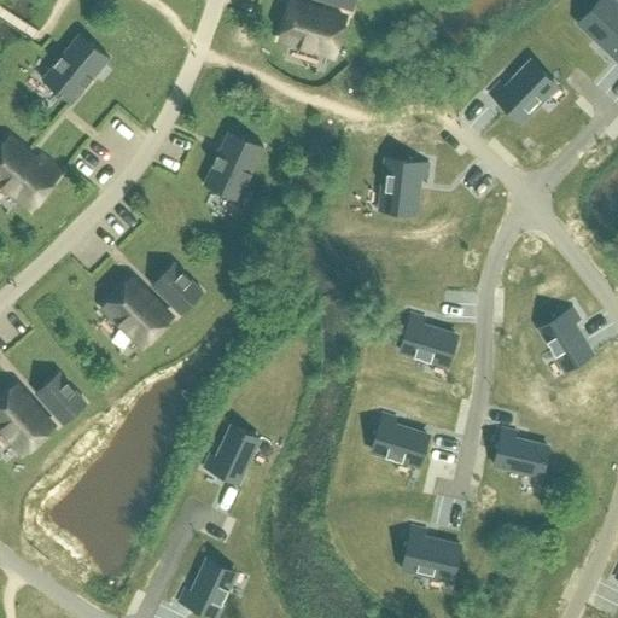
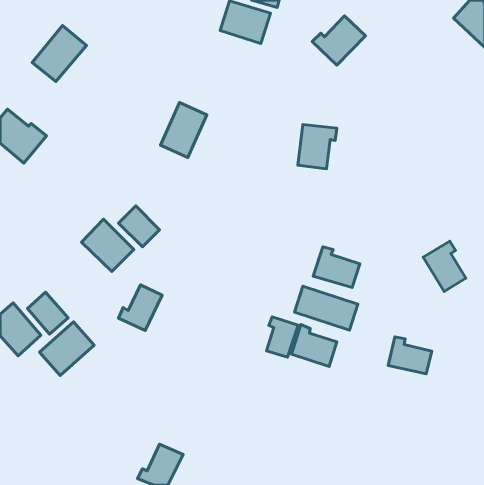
building: [486,64,554,127] -> [312,16,365,65]
building: none -> [294,286,358,330]
building: none -> [266,317,298,357]
building: none -> [40,322,94,375]
building: [205,425,261,483] -> [119,285,162,330]
building: [402,526,462,581] -> none

